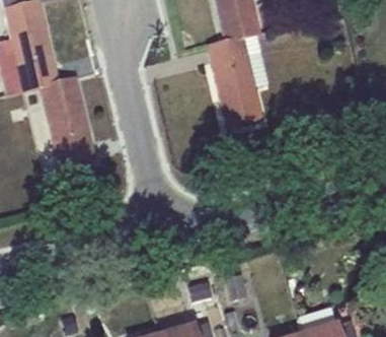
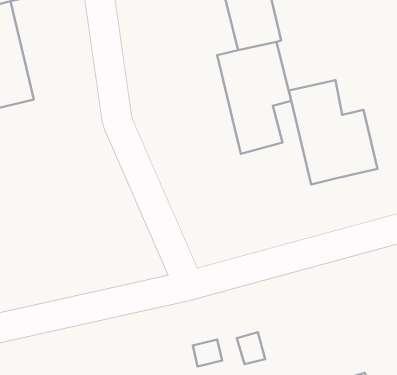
building: none -> [289,80,378,184]
building: [41,80,95,170] -> none

